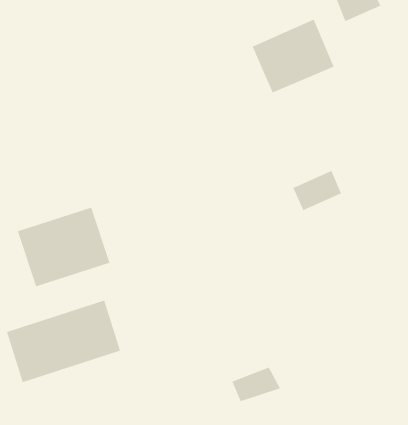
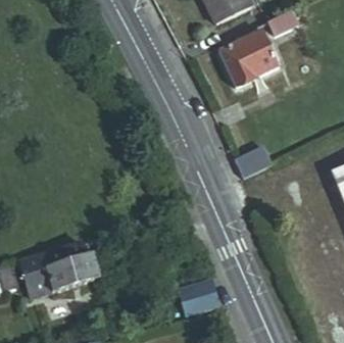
building: [17,207,110,287] -> none

